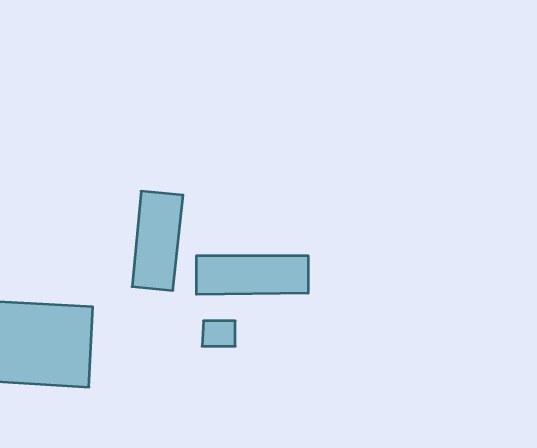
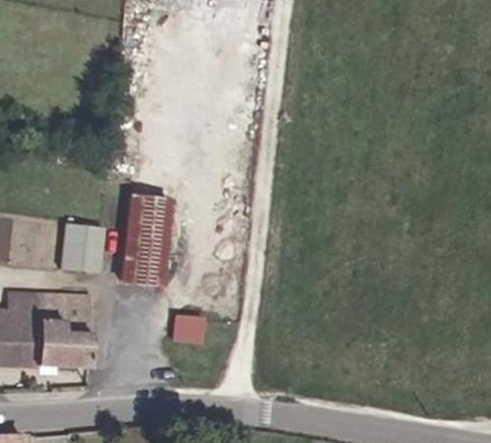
building: none -> [57,221,104,274]
building: [196,256,308,294] -> none

